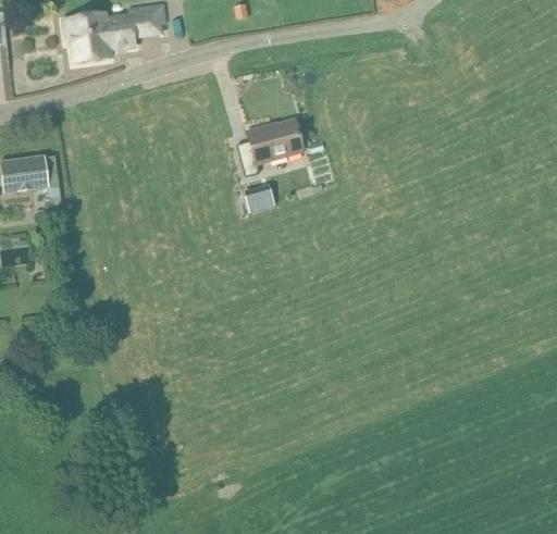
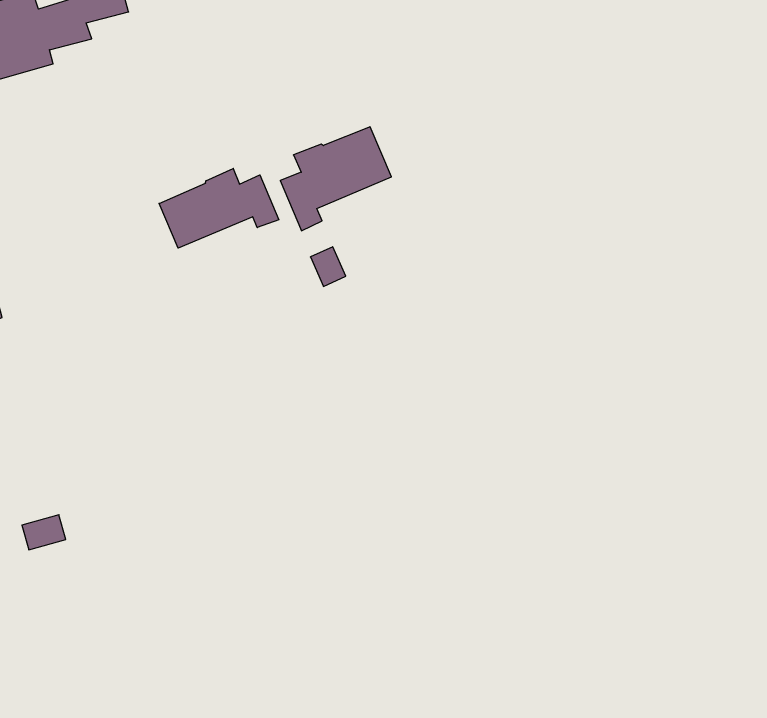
building: none -> [159,168,279,248]

